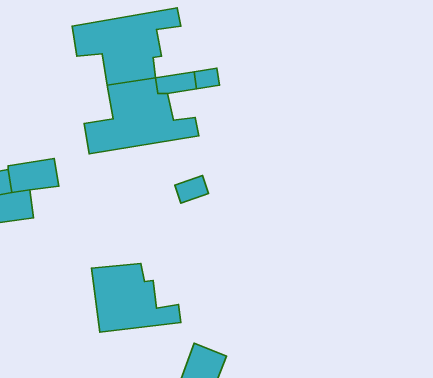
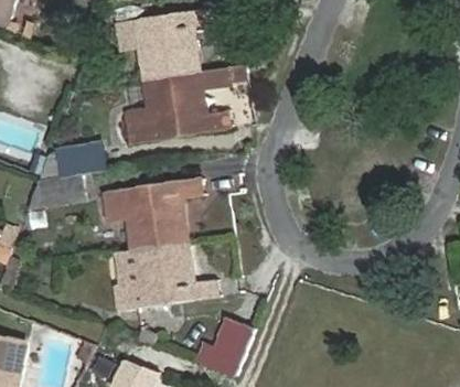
building: none -> [104,181,201,250]

